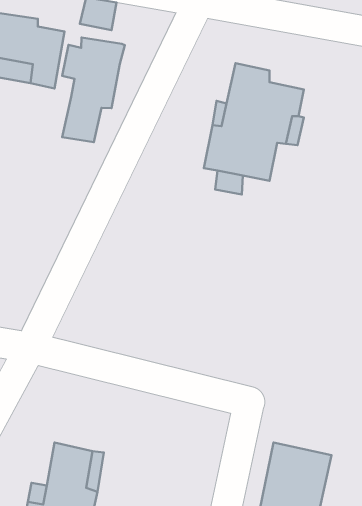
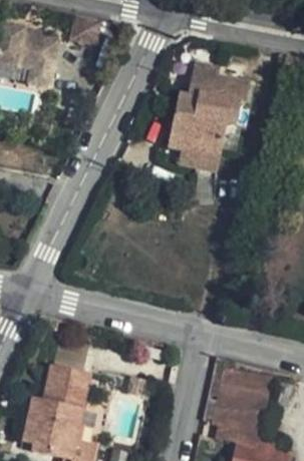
building: [62,38,125,142] -> none

